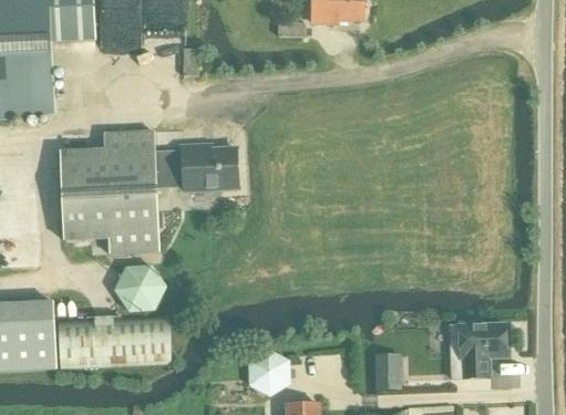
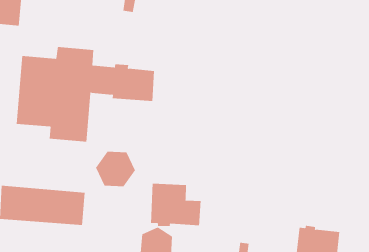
building: [113,264,166,312] -> [95,151,136,187]
building: none -> [150,183,201,227]

